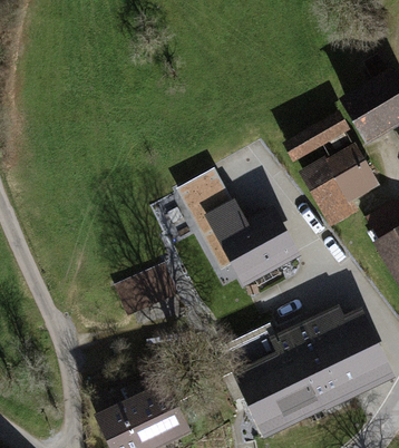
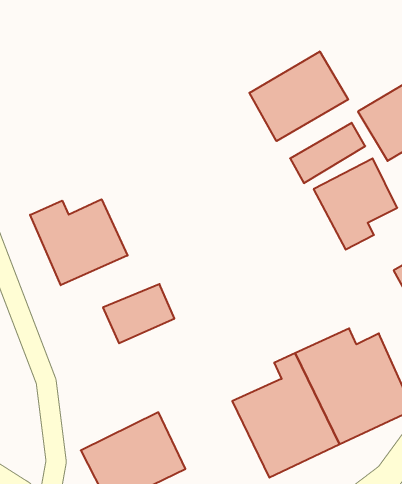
building: none -> [249,51,348,141]
building: [176,165,300,283] -> none
building: none -> [30,199,128,285]

